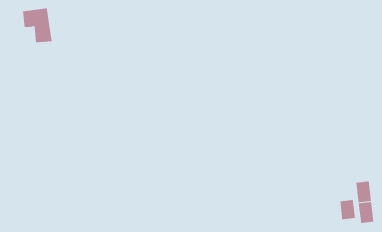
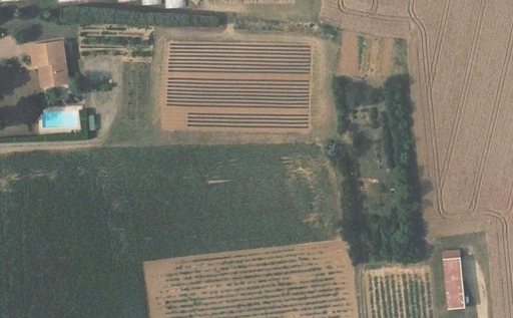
building: [340,199,356,220] -> none

